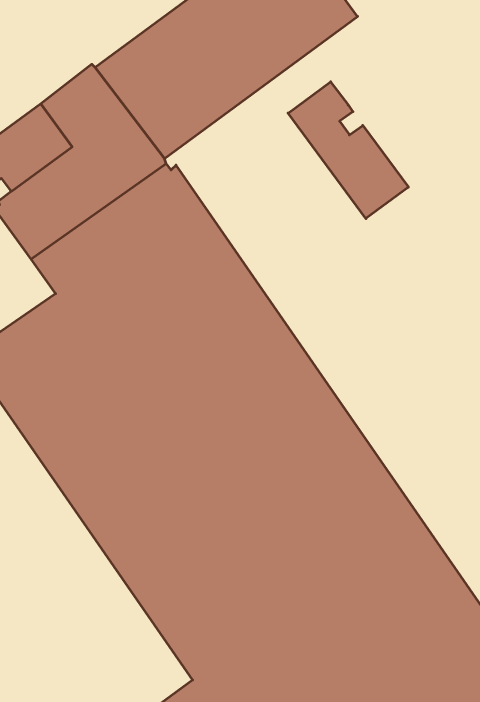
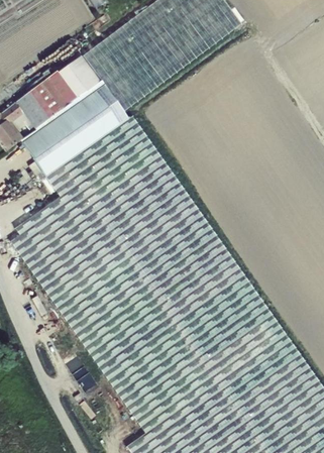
building: [288,82,408,219] -> none

